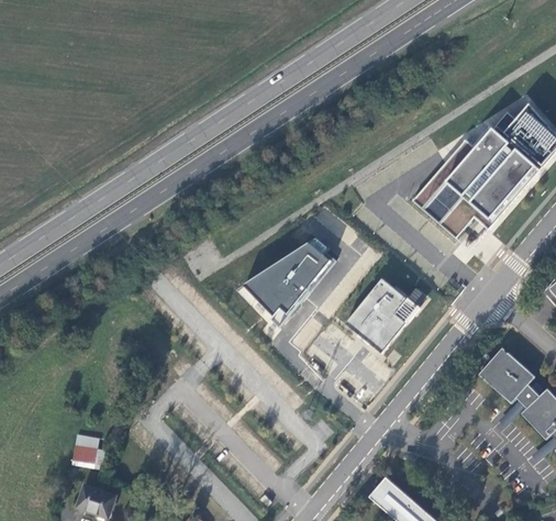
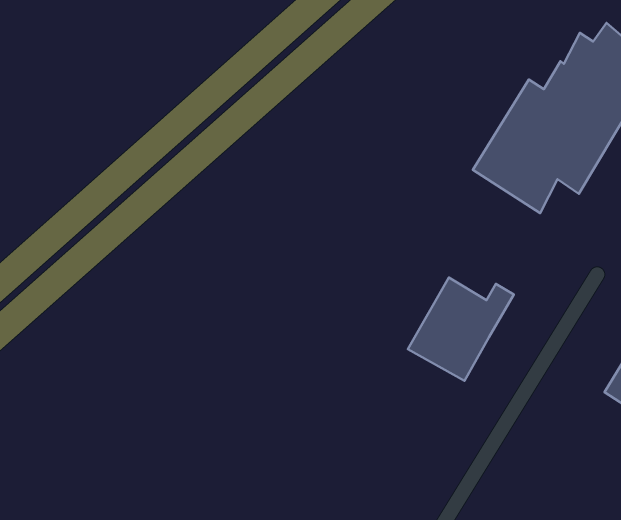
building: [236,240,335,331] -> none

